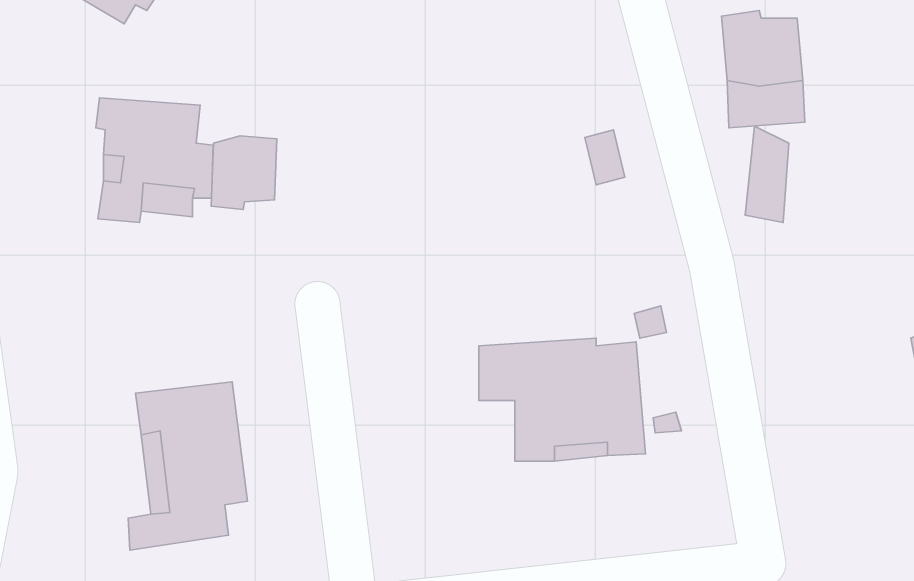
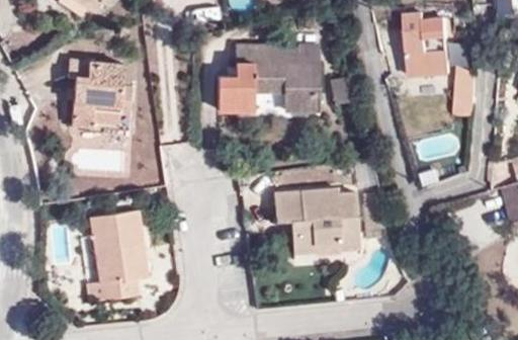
building: none -> [217,47,319,113]
building: [745,126,789,223] -> [451,67,474,118]
building: [211,136,277,209] -> none

